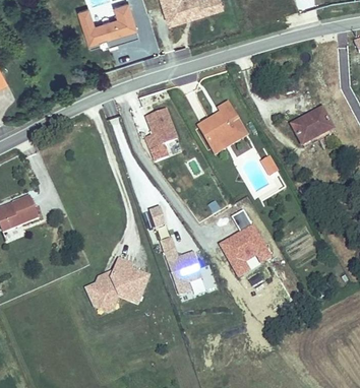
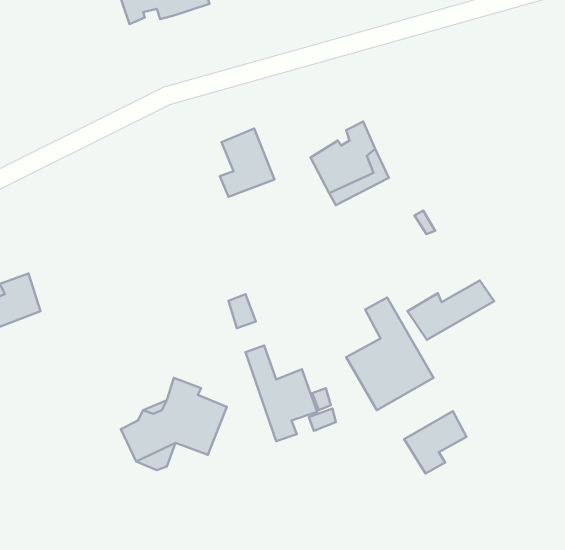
building: [289,105,328,142] -> none
building: none -> [407,280,494,340]
building: none -> [404,411,467,474]

